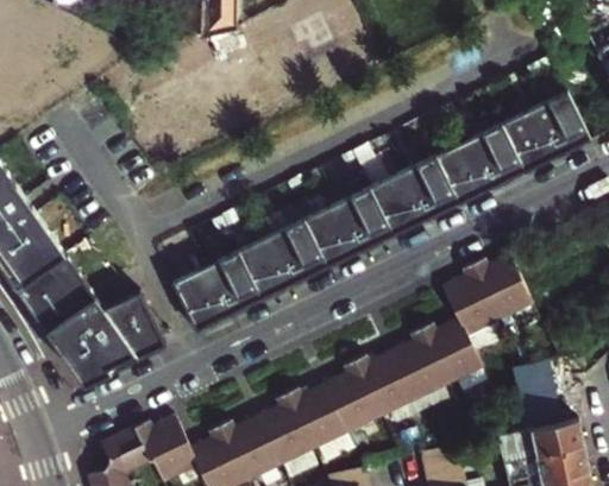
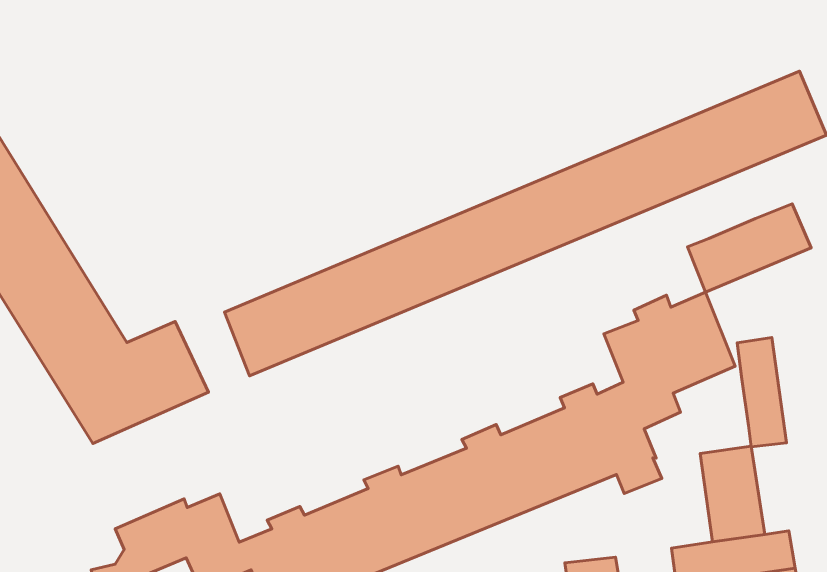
building: none -> [688,204,811,292]
building: none -> [737,338,786,447]

